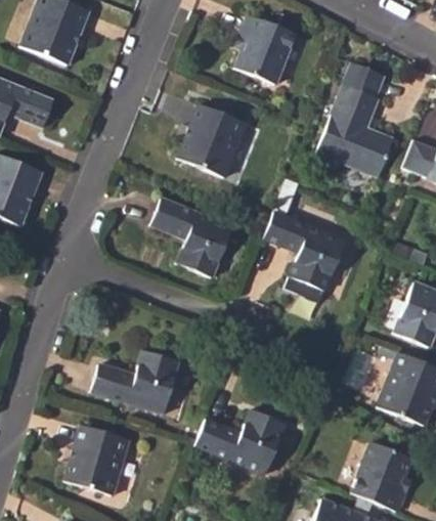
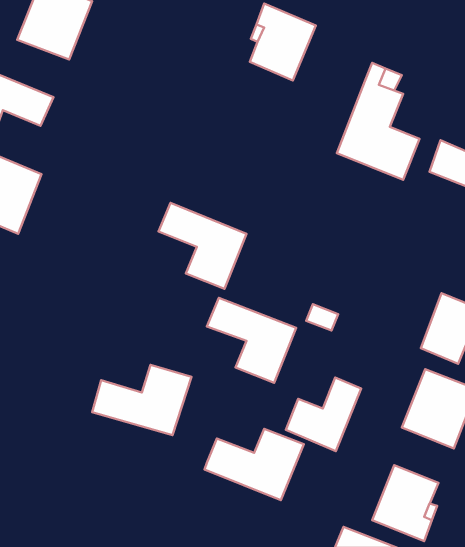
building: [177,103,247,177] -> none
building: [262,211,345,290] -> [207,298,296,383]
building: none -> [286,377,361,451]
building: [64,424,130,494] -> none

